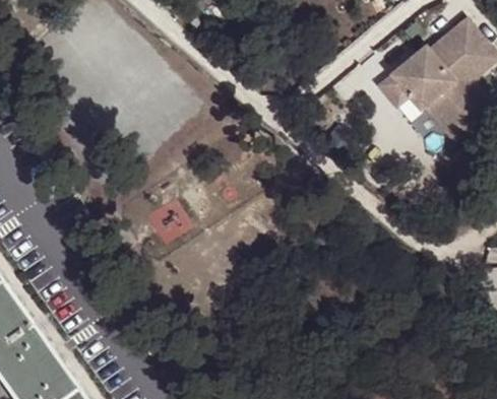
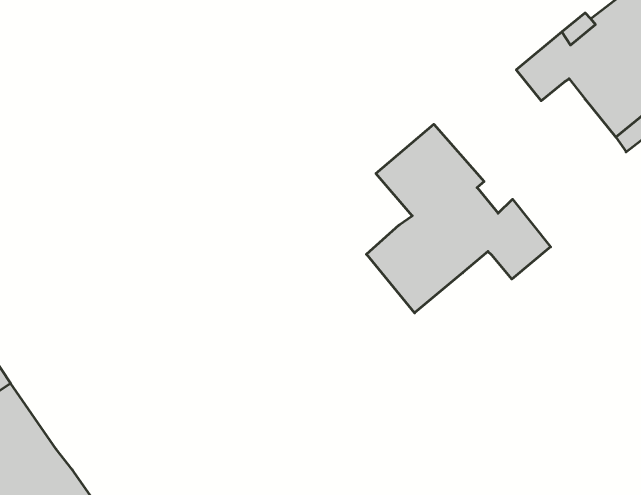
building: none -> [366,124,551,313]

